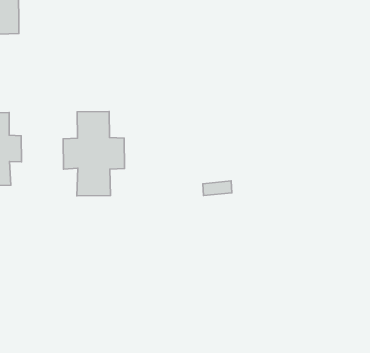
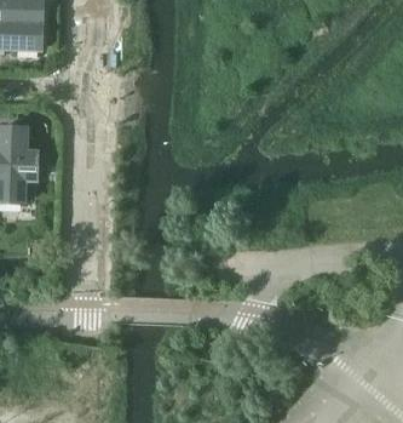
building: [63,112,124,196] -> none

